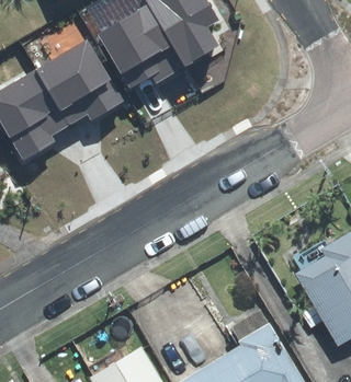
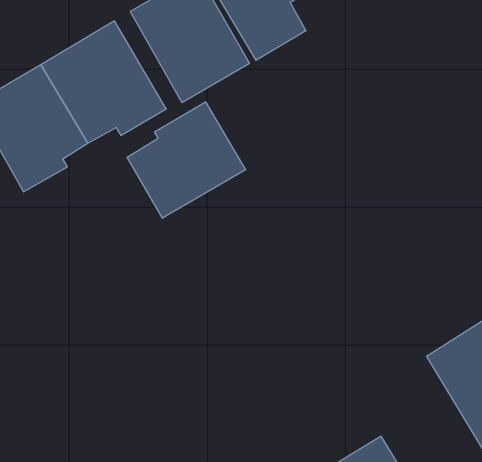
building: none -> [127,102,246,218]

